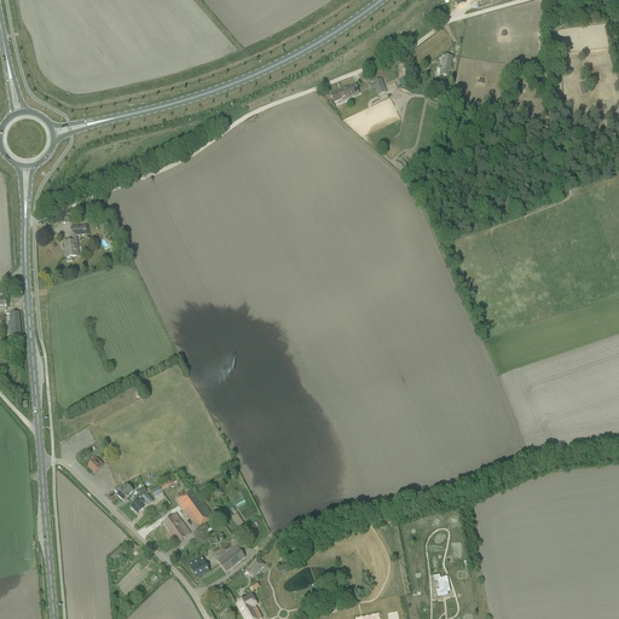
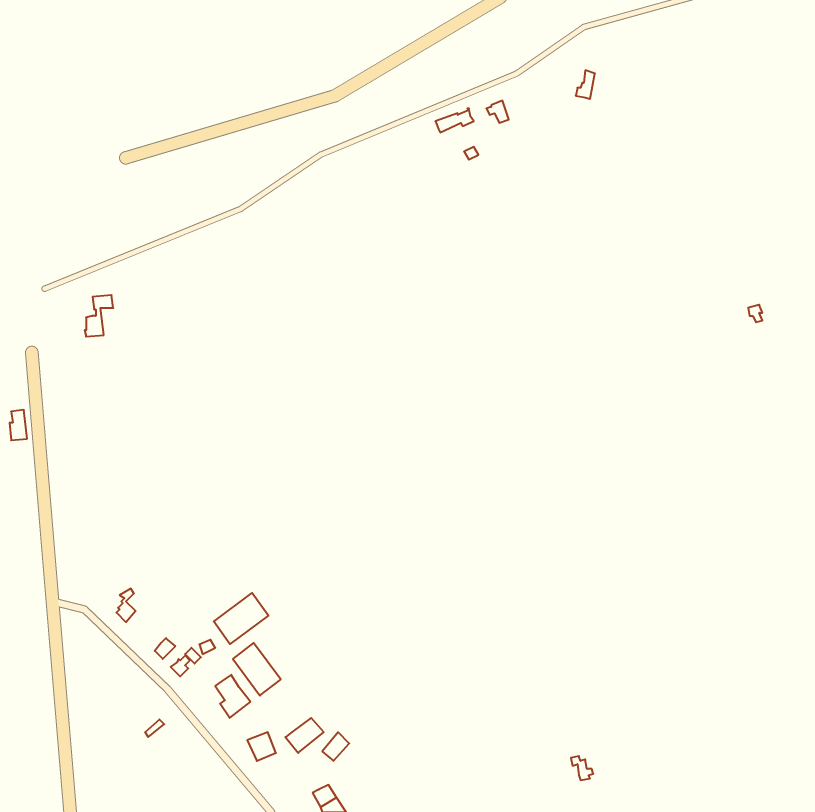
building: none -> [214,593,268,644]

